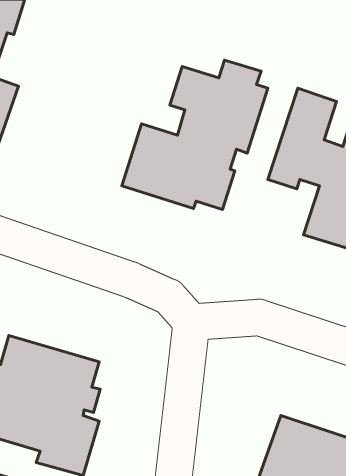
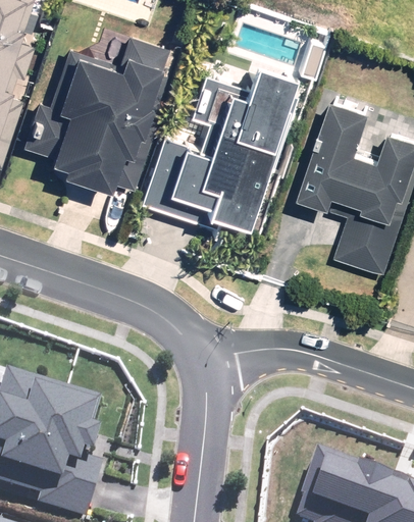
building: none -> [20,37,171,196]

